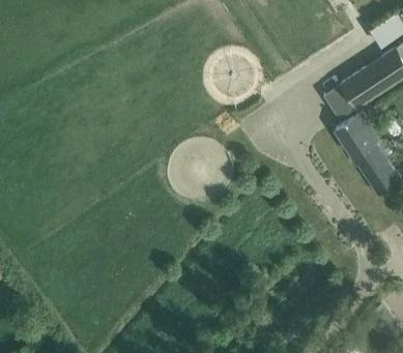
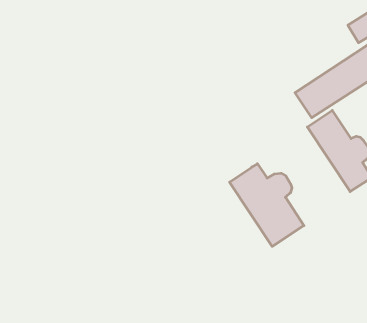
building: none -> [230,164,304,246]

